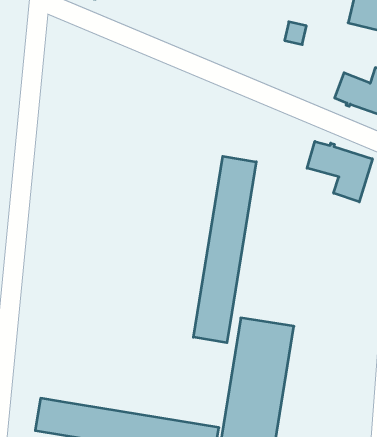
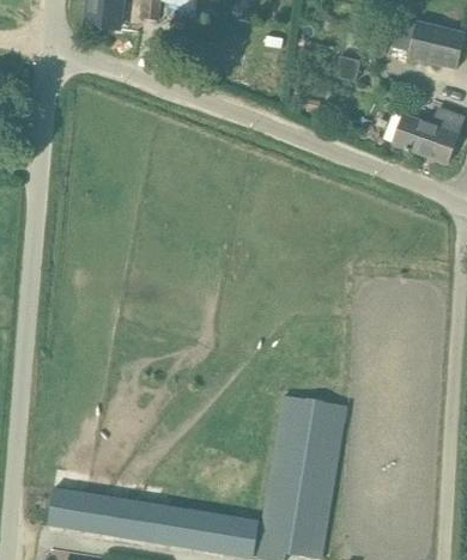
building: [307,141,372,202] -> none
building: [193,156,256,343] -> none

